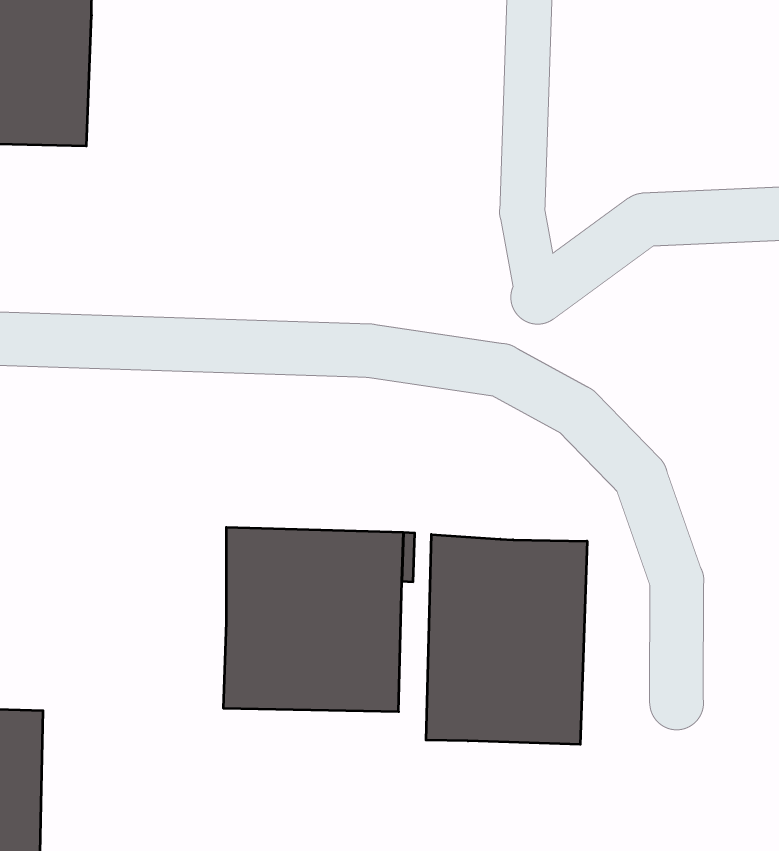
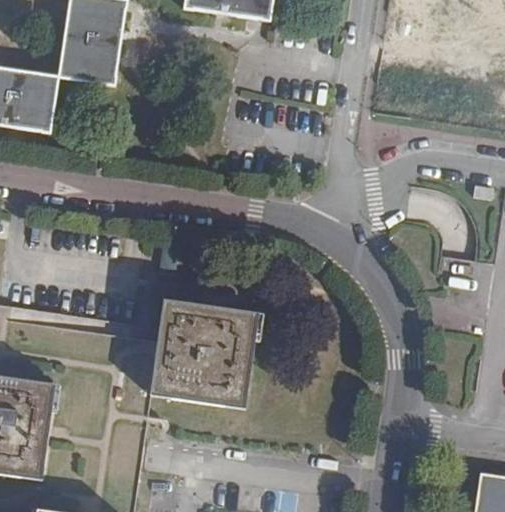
building: [426,534,587,744] -> none

